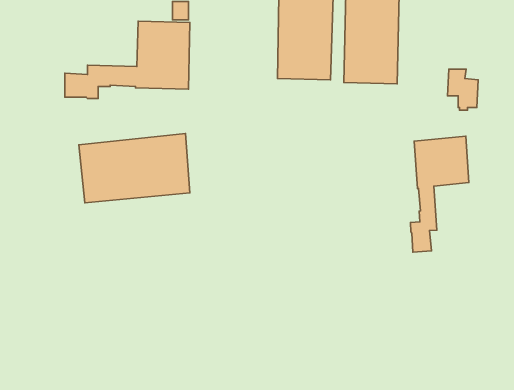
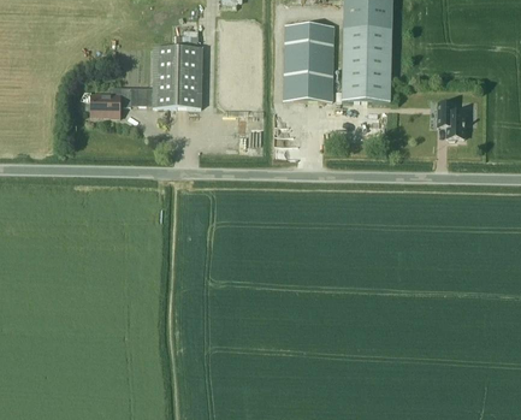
building: [79,133,190,203] -> none
building: [410,136,469,252] -> none

